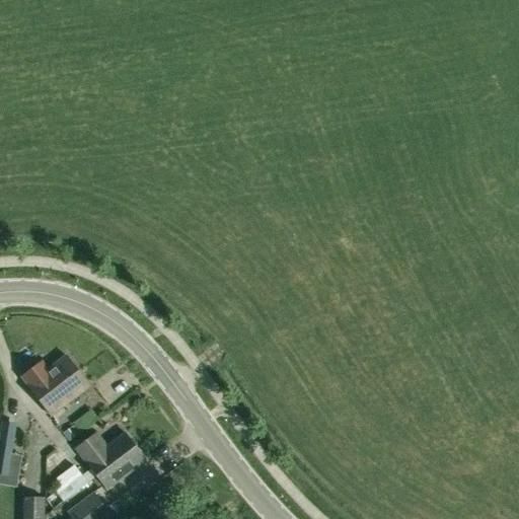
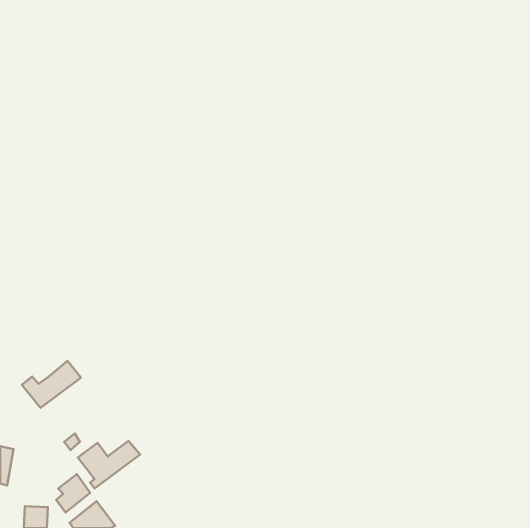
building: [39,370,90,416] -> none
building: [92,444,147,488] -> none

